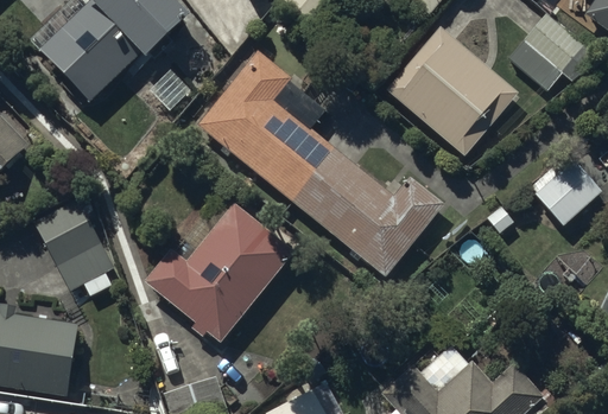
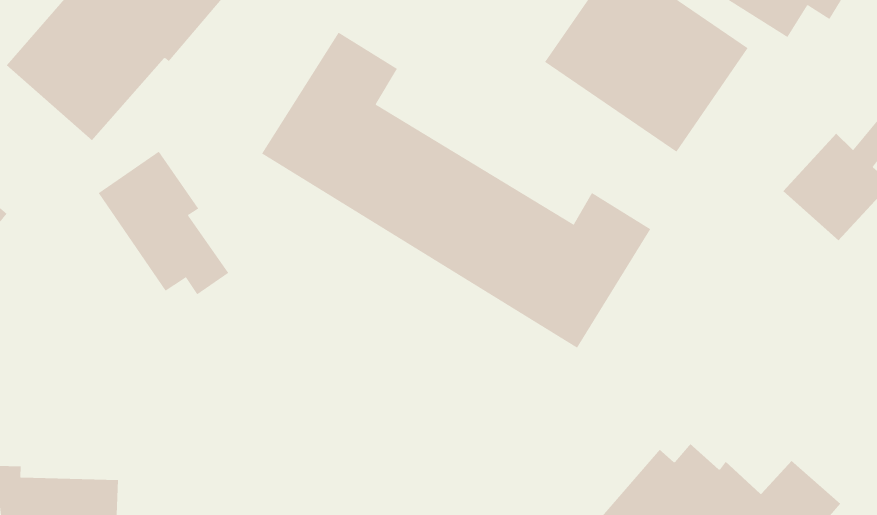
building: [34,199,113,295] -> [98,151,229,295]
building: [145,202,294,343] -> none

